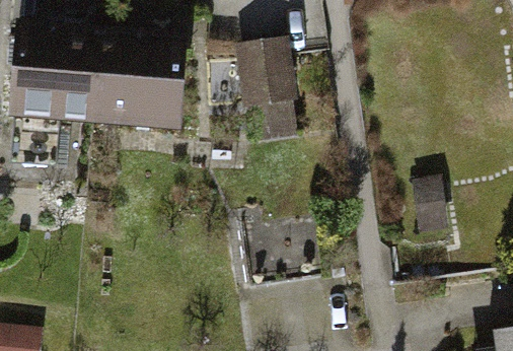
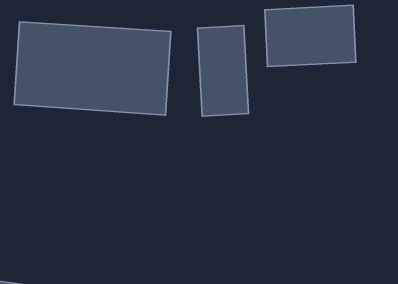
building: none -> [265,5,356,67]

